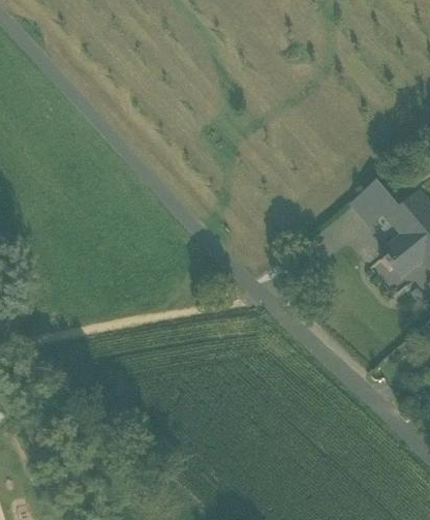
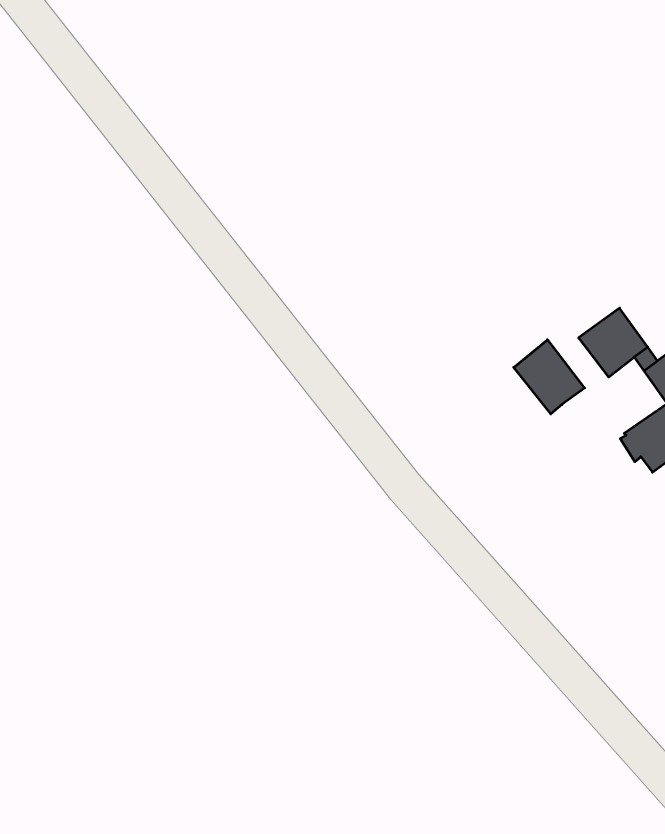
building: none -> [514,340,585,414]

